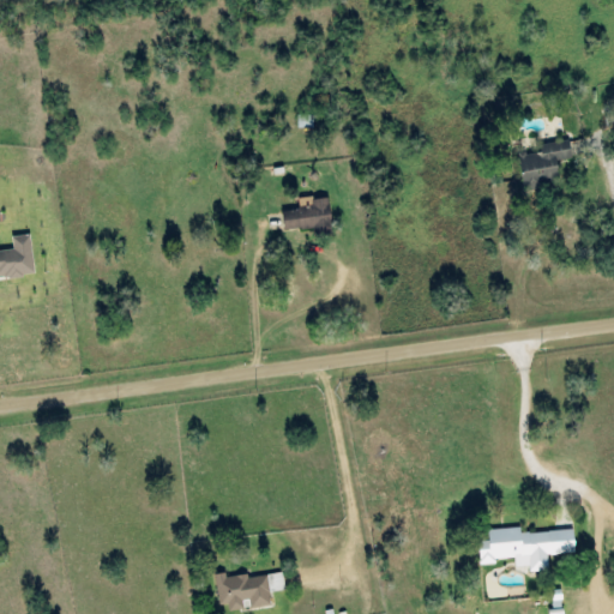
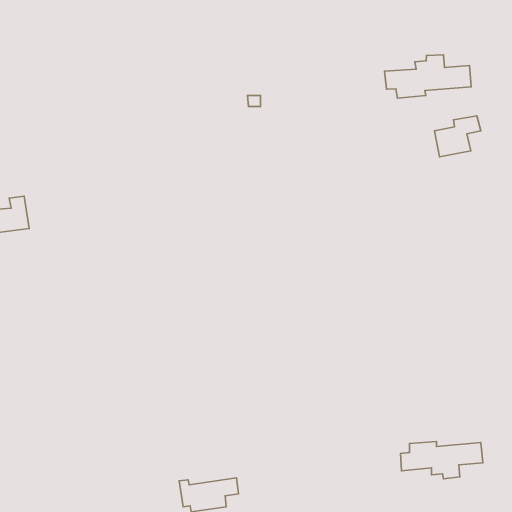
building: none -> [384,55,471,98]
building: [282,195,332,230] -> none

